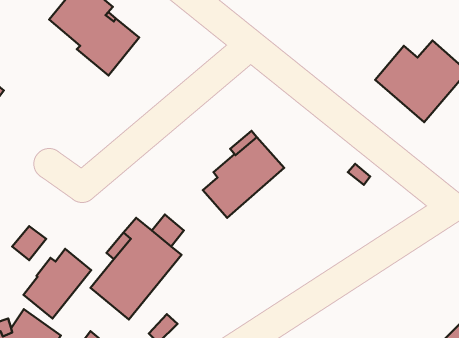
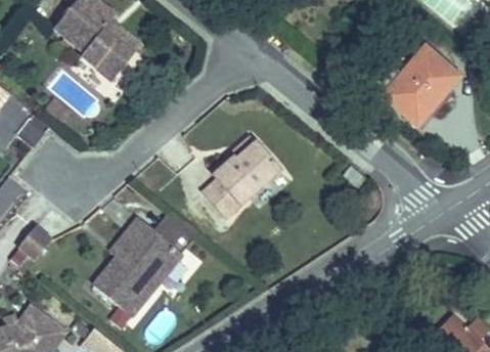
building: [23,249,91,319] -> none

